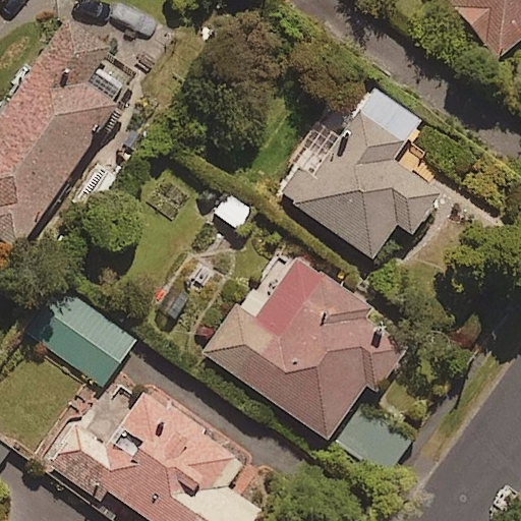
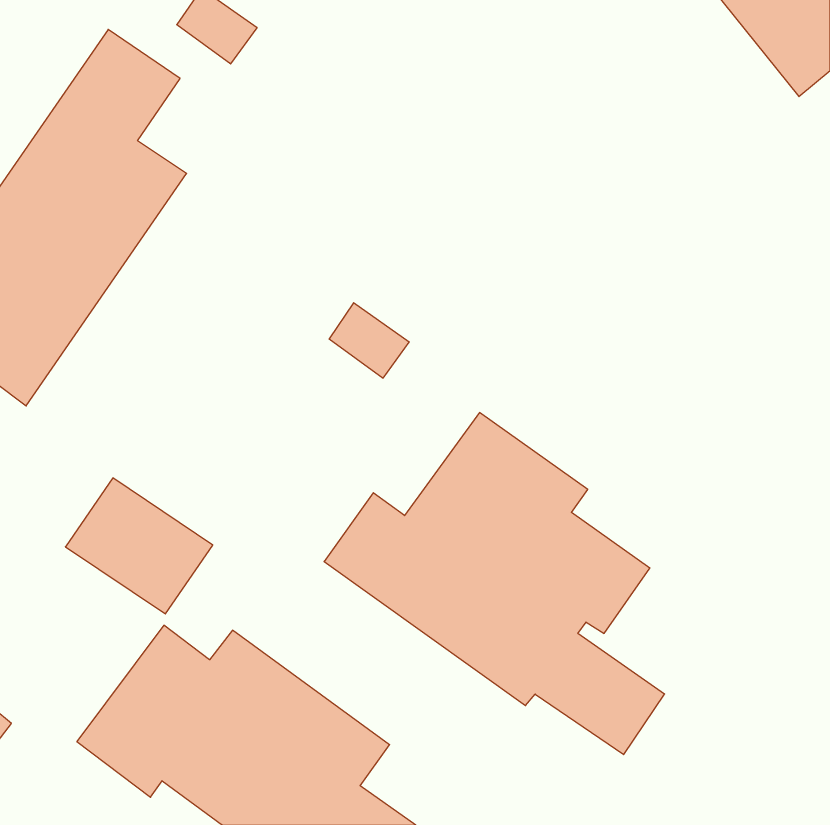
building: [290,88,440,256] -> none

